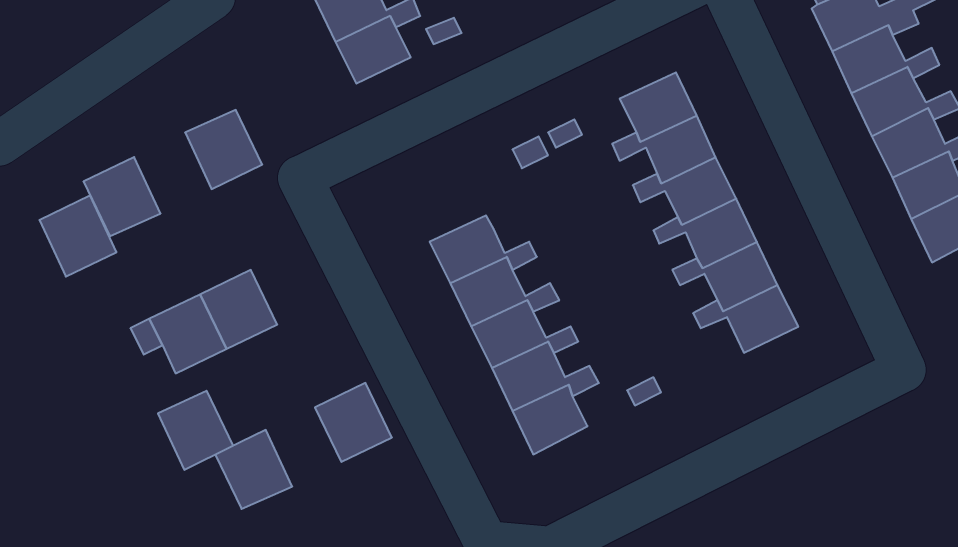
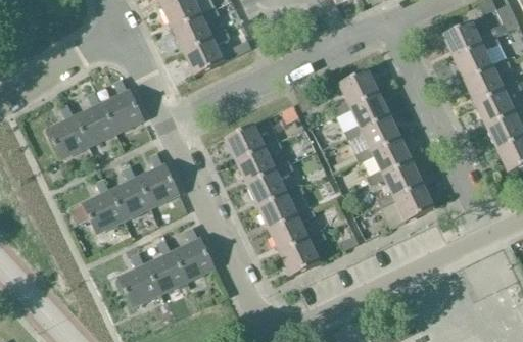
building: none -> [224,123,282,160]
building: [39,196,117,277] -> [74,101,115,145]
building: none -> [137,162,178,205]
building: [158,391,233,470] -> [145,250,186,293]

